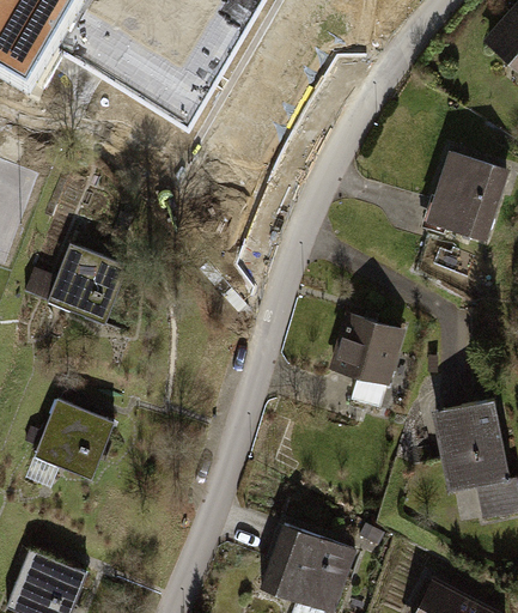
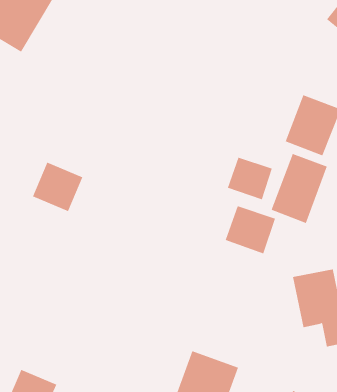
building: none -> [271,153,327,224]
building: none -> [227,157,272,200]
building: [38,399,112,475] -> none

